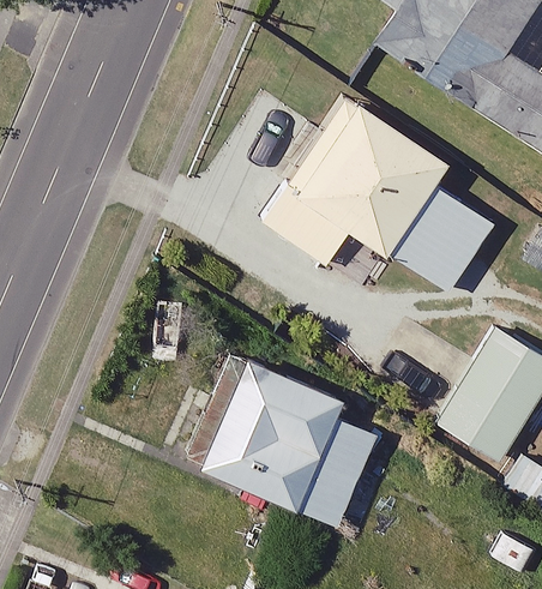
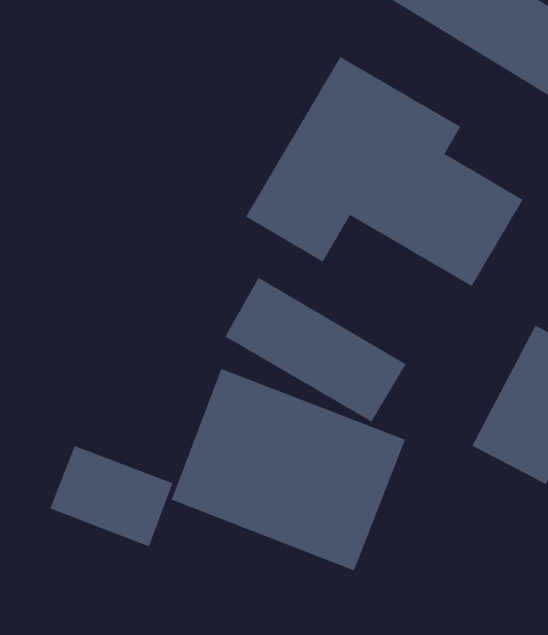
building: none -> [225,277,407,423]
building: none -> [50,445,173,547]

